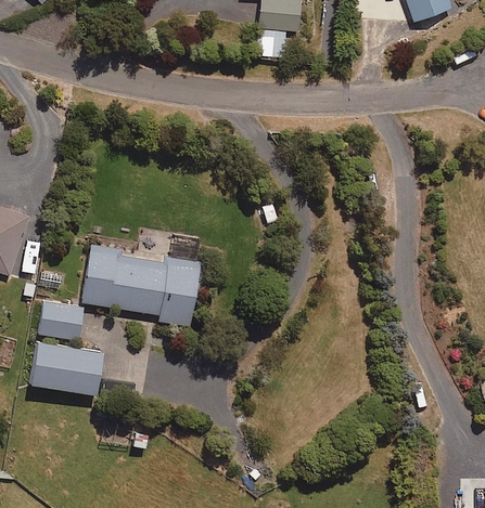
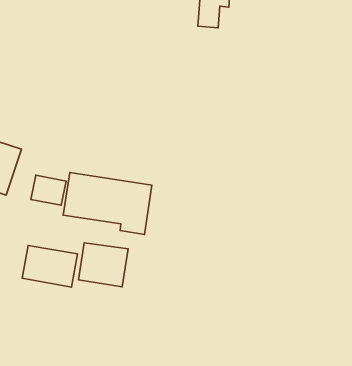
building: [37,301,82,340] -> [31,175,66,205]
building: none -> [79,243,128,287]

